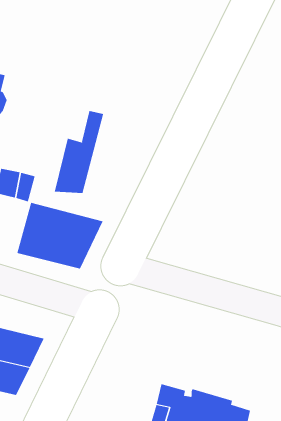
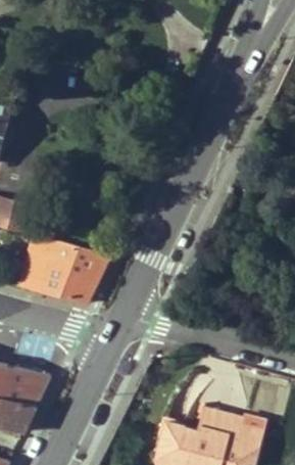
building: [54,110,104,194] -> none
building: none -> [198,408,262,448]

